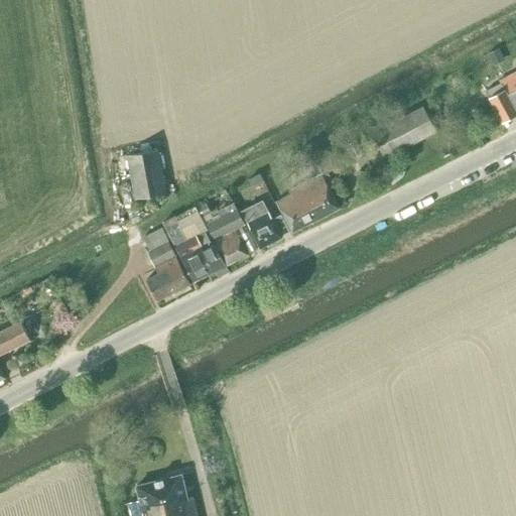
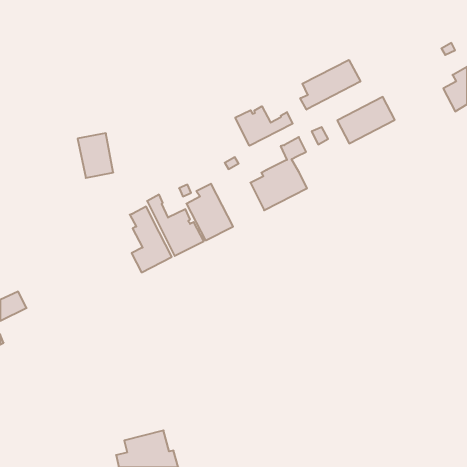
building: none -> [300,60,360,110]
building: none -> [235,106,293,146]
building: [126,149,165,199] -> [78,133,113,178]
building: [240,200,290,248] -> none

